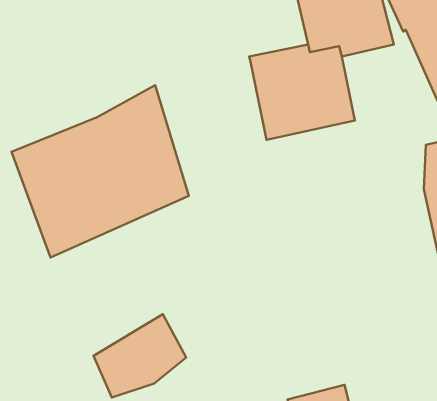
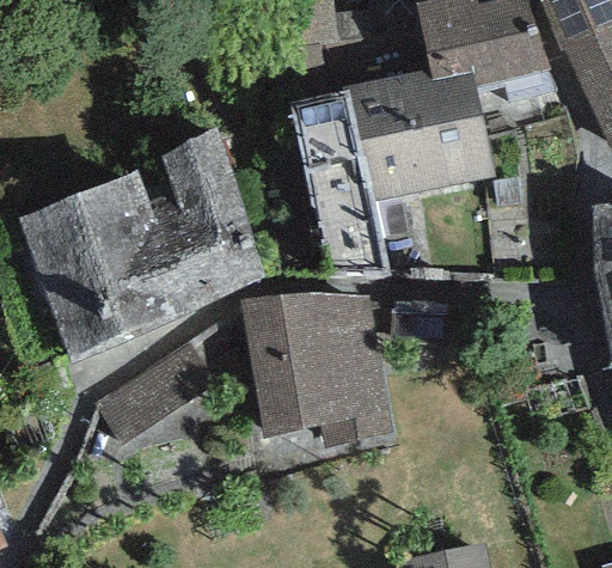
building: none -> [292,90,388,277]
building: none -> [241,291,397,447]
building: [94,314,186,397] -> [98,343,226,458]

